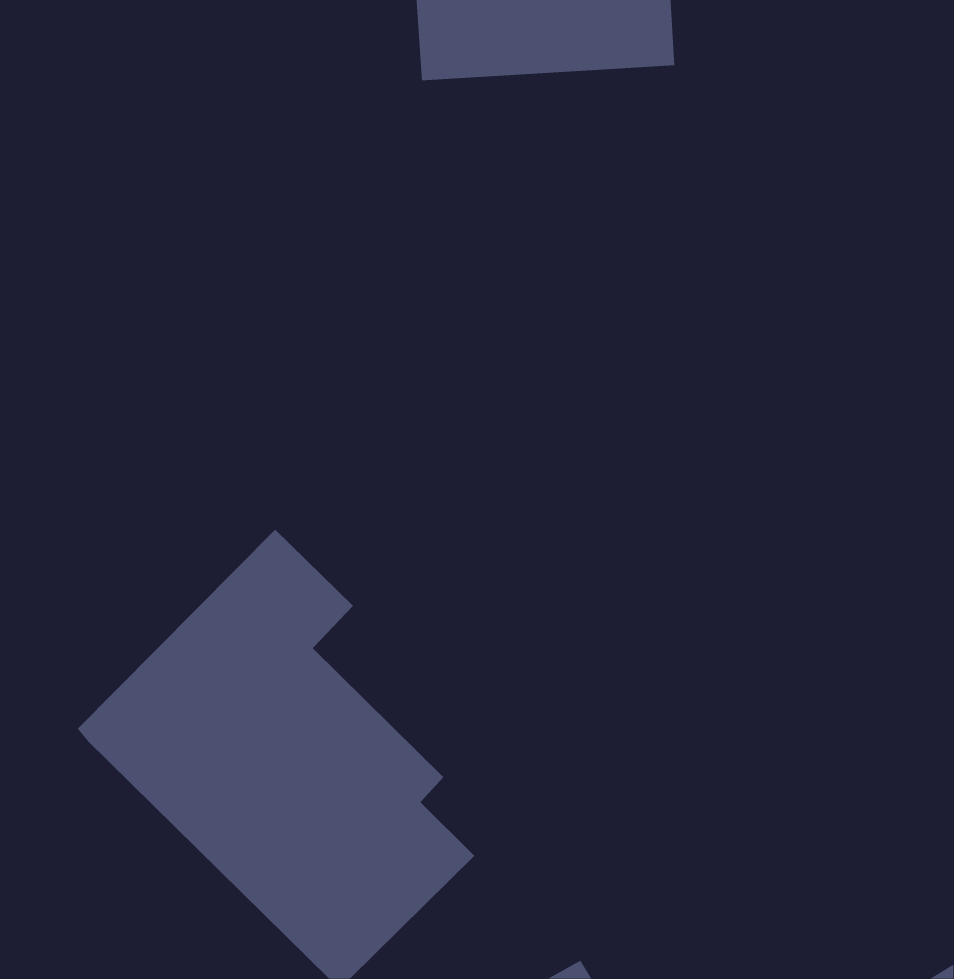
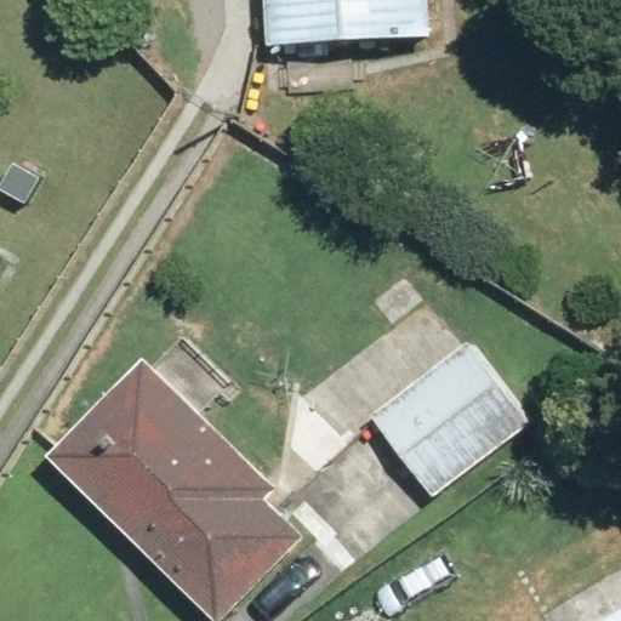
building: none -> [371,341,524,491]

